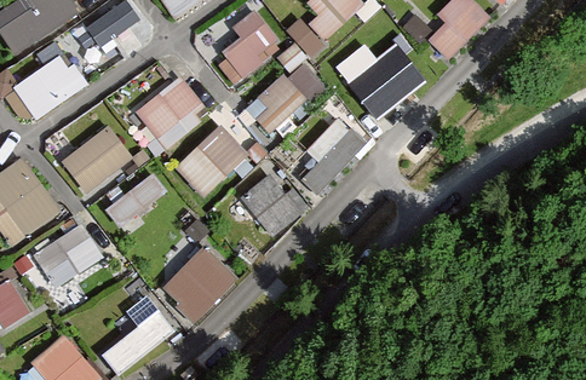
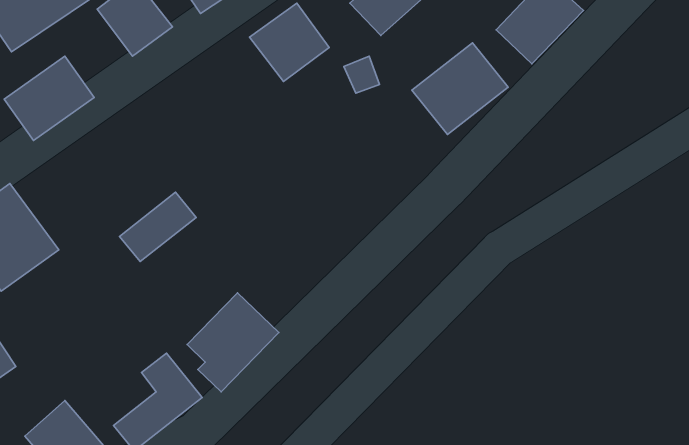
building: [255,75,306,136] -> none
building: [136,77,211,150] -> none
building: [291,121,367,196] -> none
building: [62,126,134,195] -> none
building: [174,126,249,200] -> none
building: [237,173,299,236] -> none
building: [30,223,100,290] -> none

